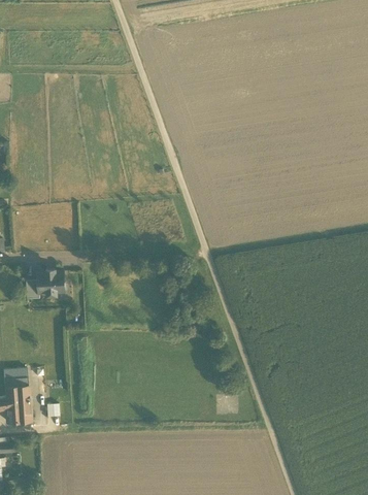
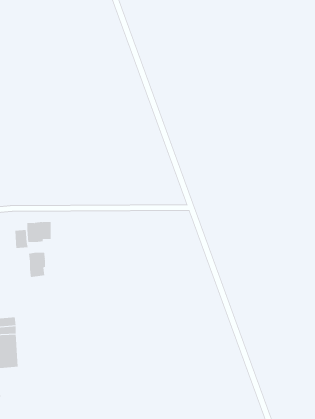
building: none -> [28,252,45,278]

